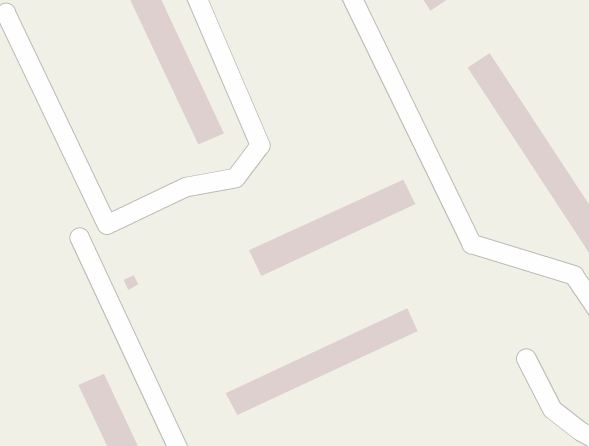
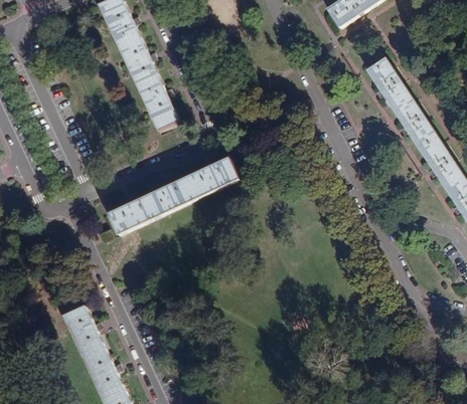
building: [248,178,417,277] -> [108,158,239,234]
building: [225,307,419,416] -> none

